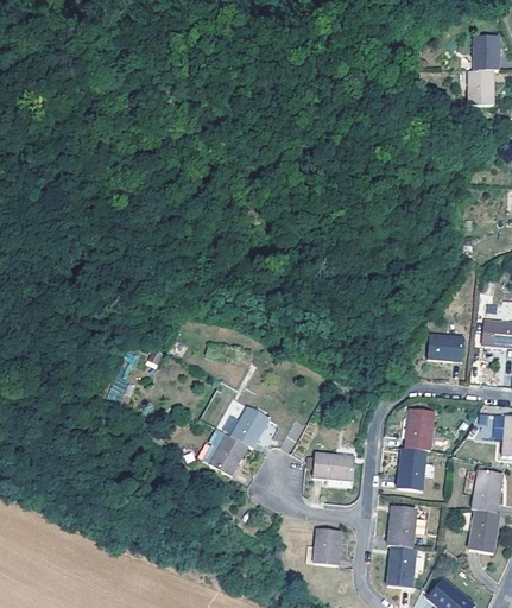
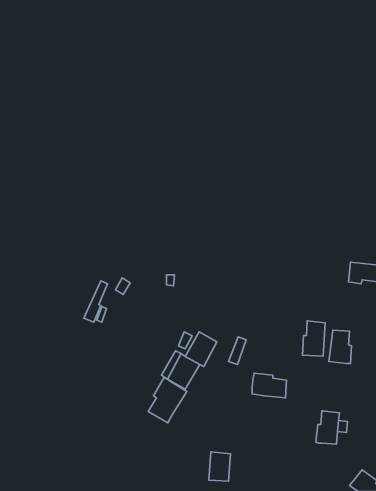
building: [397,448,424,490] -> [302,321,325,356]
building: none -> [148,378,187,423]
building: [315,533,341,569] -> [209,452,230,481]
building: [387,546,416,588] -> none

